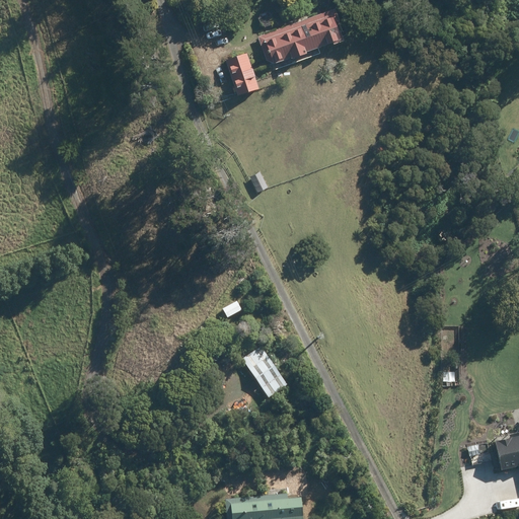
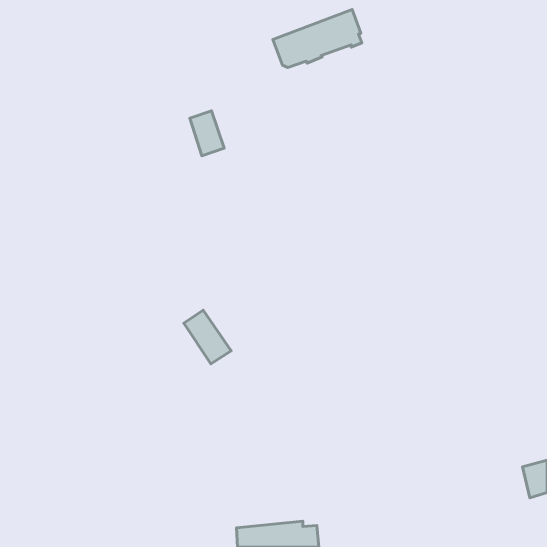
building: [226,54,258,96] -> [190,111,224,156]
building: [242,347,287,397] -> [184,310,231,364]

